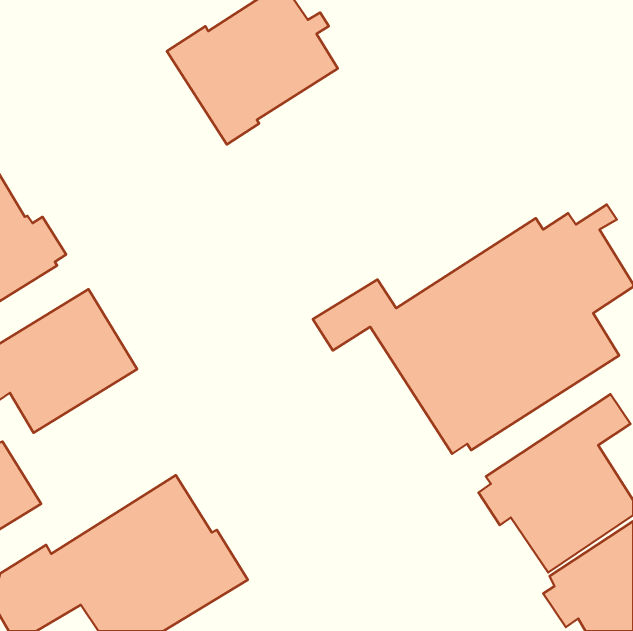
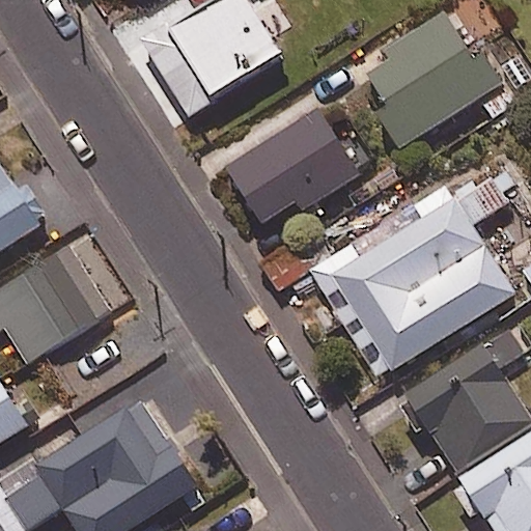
building: none -> [367,13,514,152]
building: none -> [224,110,359,226]

